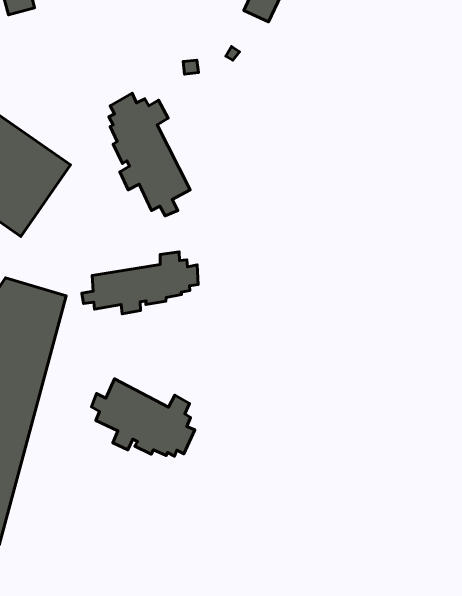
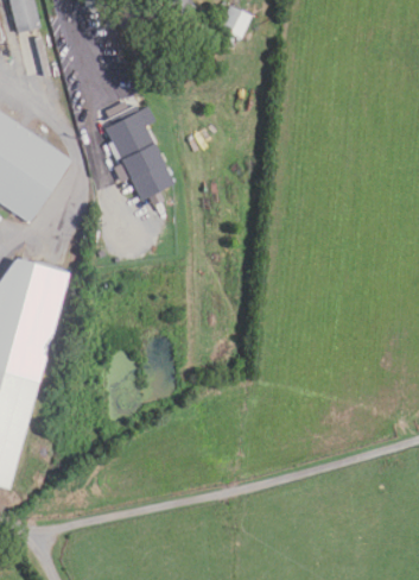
building: [82,252,198,314] -> none
building: [92,379,195,456] -> none

